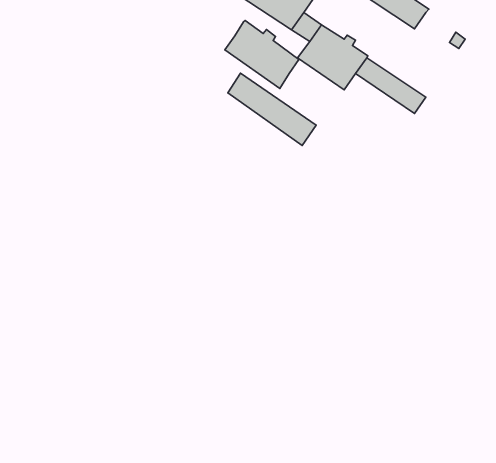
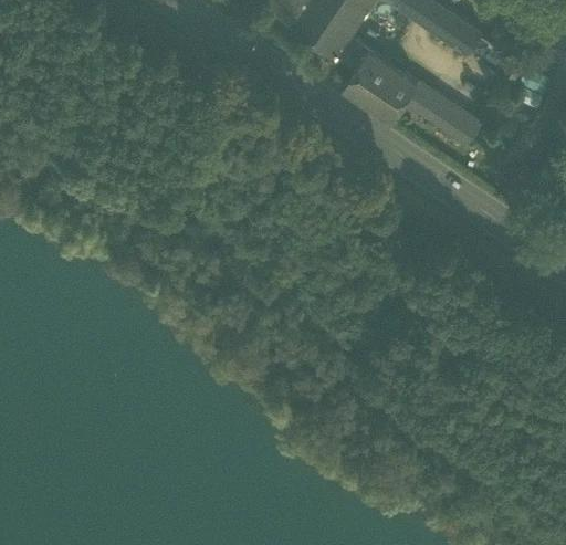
building: [225,21,299,88] -> none
building: [228,73,316,145] -> none

